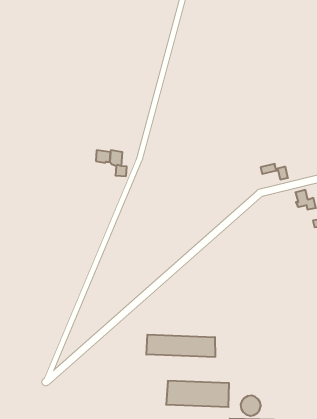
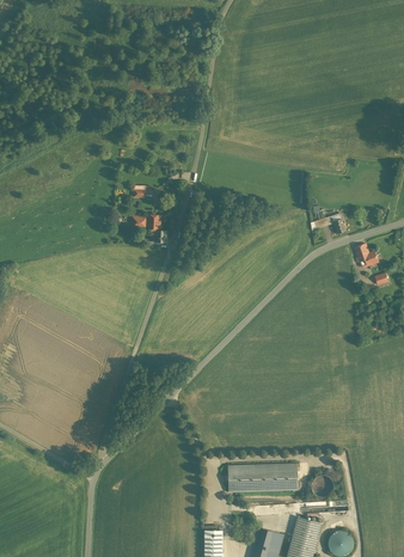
building: [146,335,215,357] -> none

